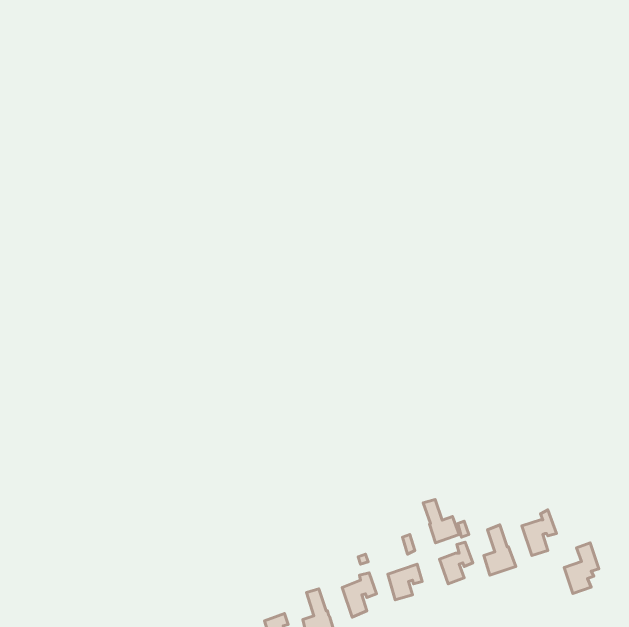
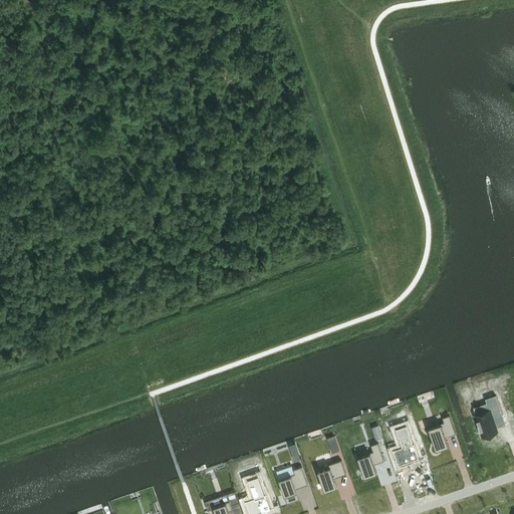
building: [423,500,459,543] -> none
building: [564,543,599,593] -> [475,397,503,438]

